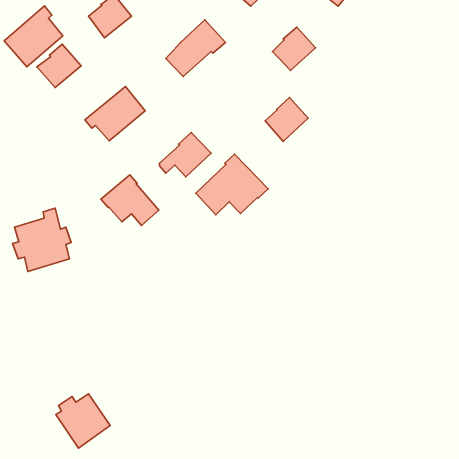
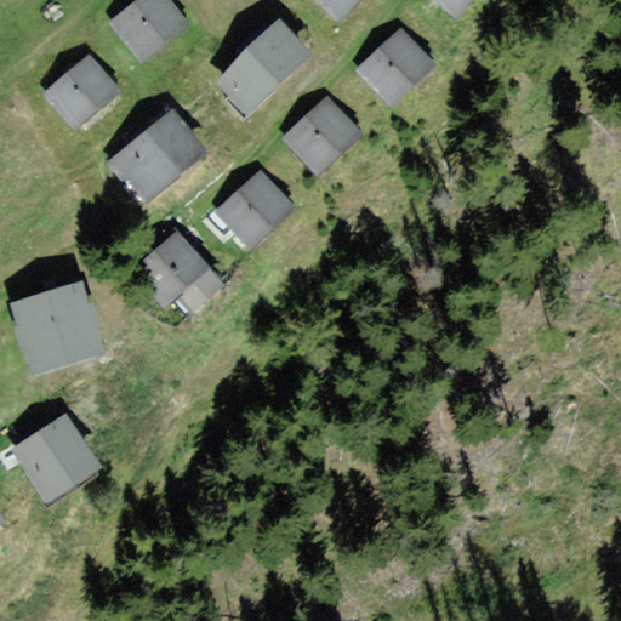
building: [4,6,63,67] -> none
building: [265,97,308,142] -> [295,104,353,164]
building: [196,154,268,215] -> none
building: [56,394,110,448] -> [21,420,93,492]

